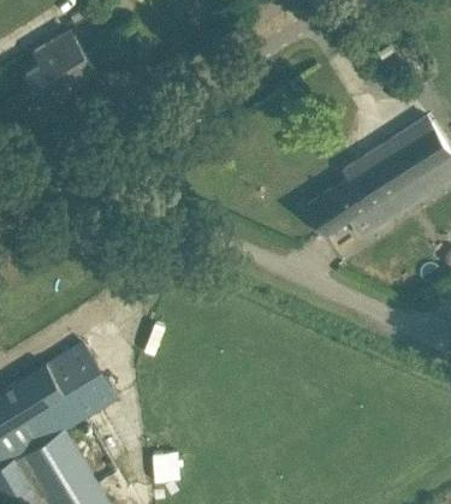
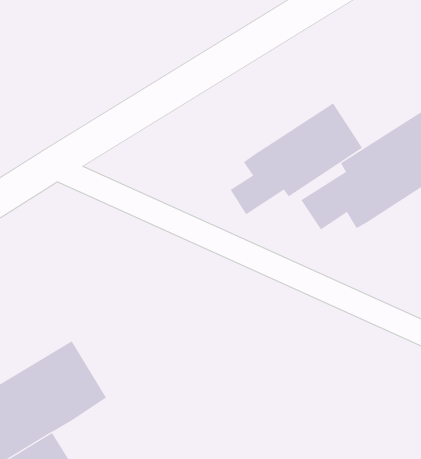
building: [24,36,96,108] -> none
building: none -> [230,103,363,215]

